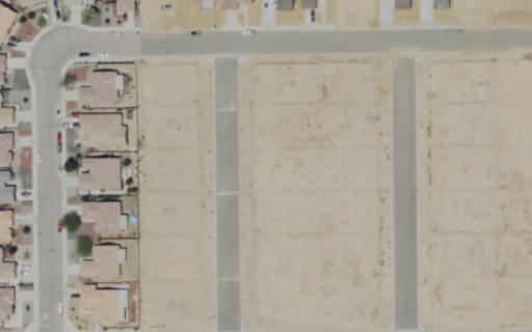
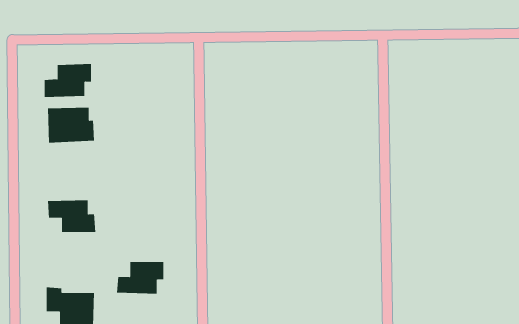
building: [79,158,121,190] -> none
building: [79,246,125,277] -> [116,261,164,294]

